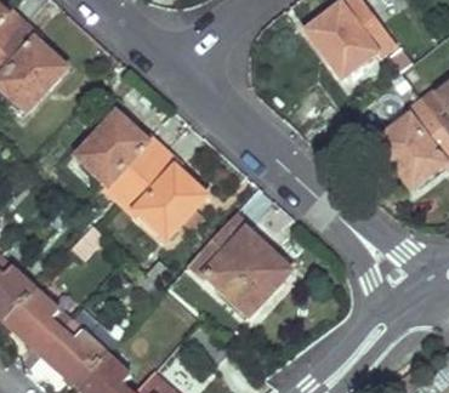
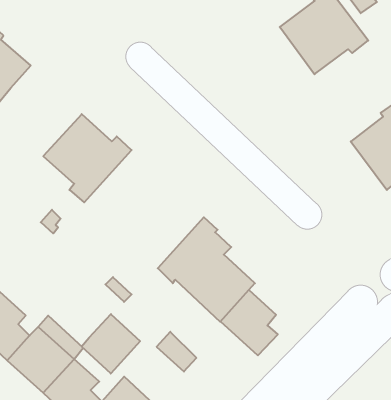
building: [116,148,204,238] -> none
building: none -> [220,290,278,355]
building: none -> [82,314,140,374]

